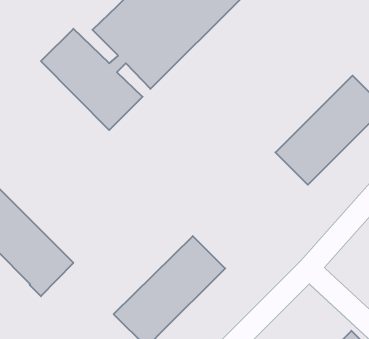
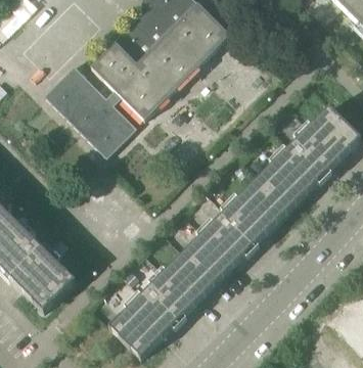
building: none -> [183,177,288,283]

